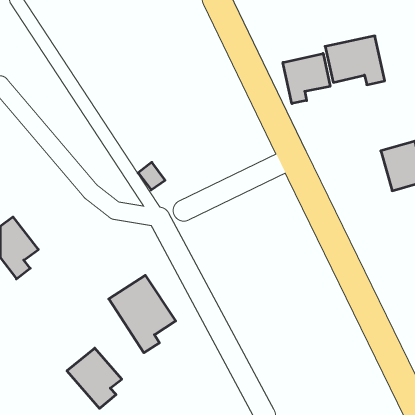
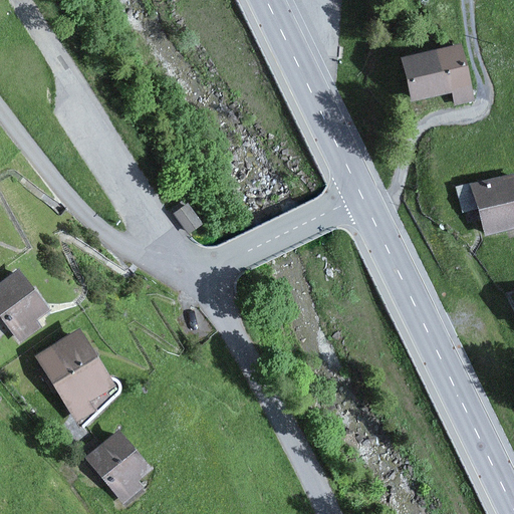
building: [283,53,330,104] -> none
building: [109,275,176,353] -> [30,327,112,423]

